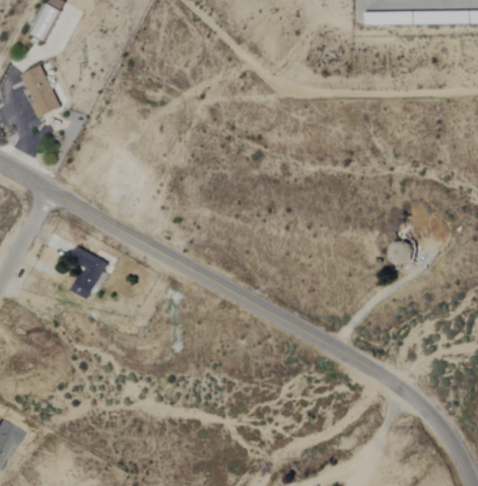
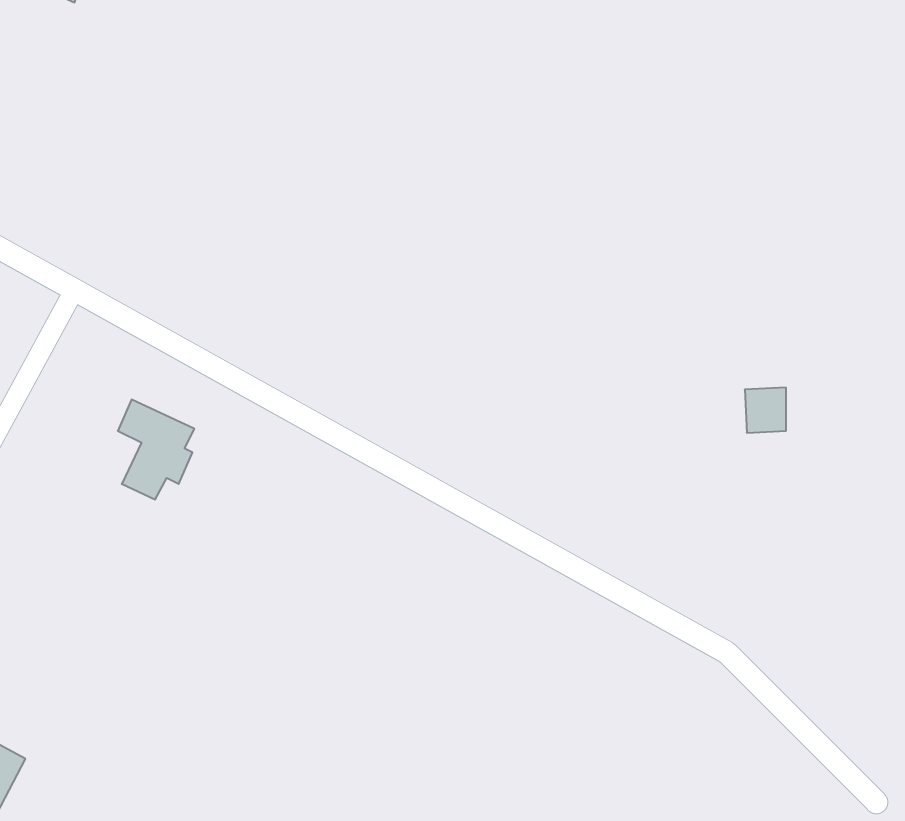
building: [22,64,61,116] -> none

